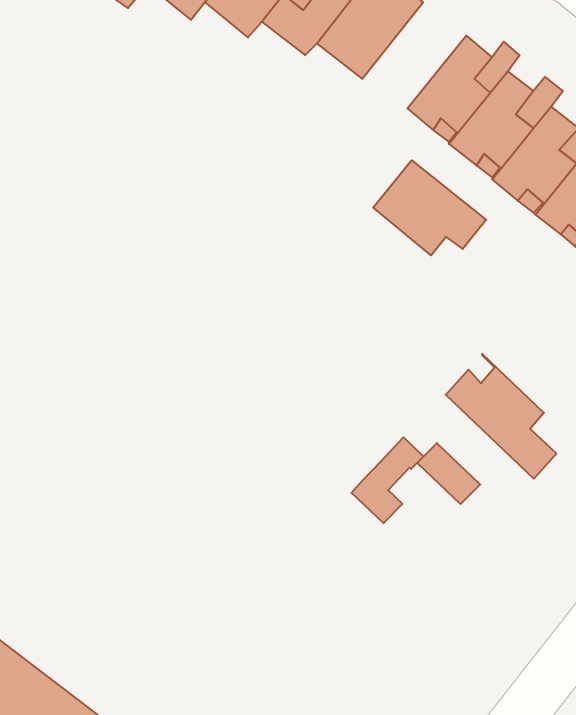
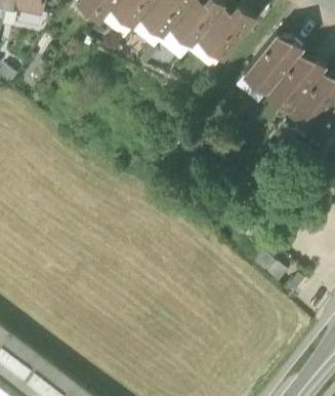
building: [373,160,486,255] -> none
building: [446,354,556,479] -> none
building: [351,437,423,523] -> none

